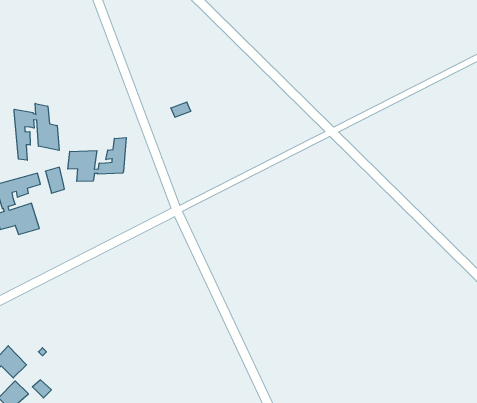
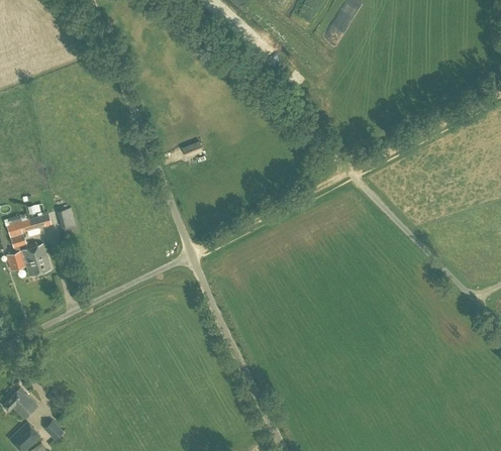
building: [14,103,59,160] -> none
building: [68,138,126,181] -> none

